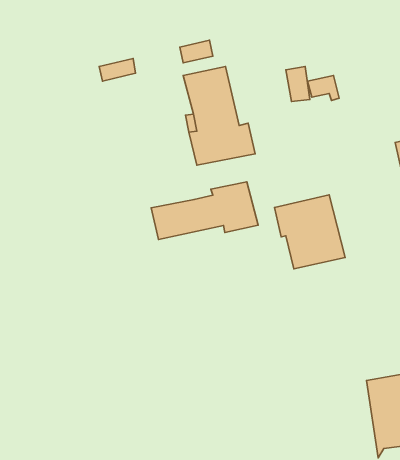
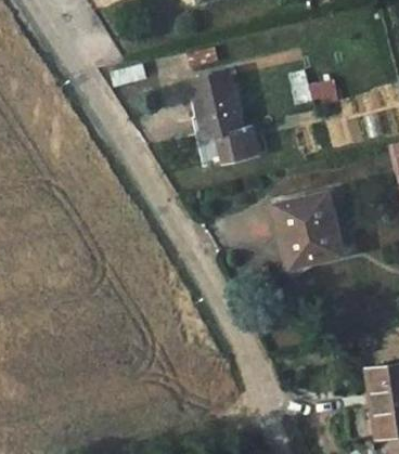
building: [151,182,258,240] -> none

